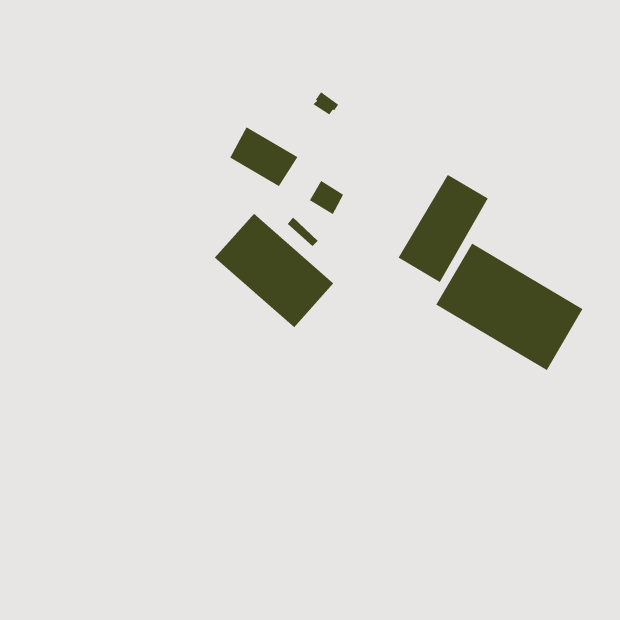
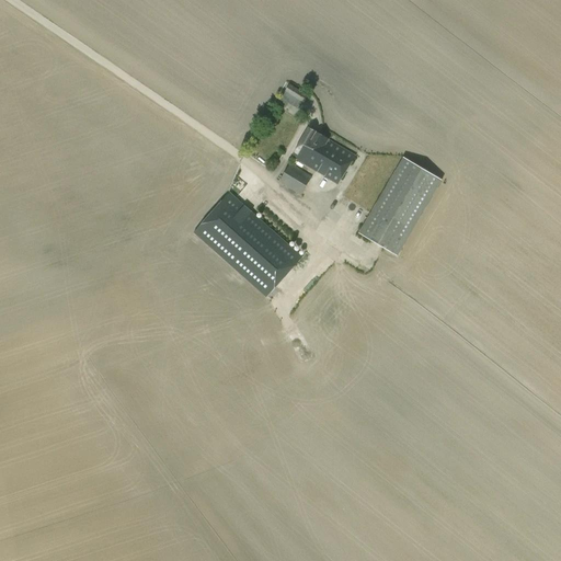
building: [229,126,298,187] -> [291,127,354,182]
building: [435,242,584,371] -> none

